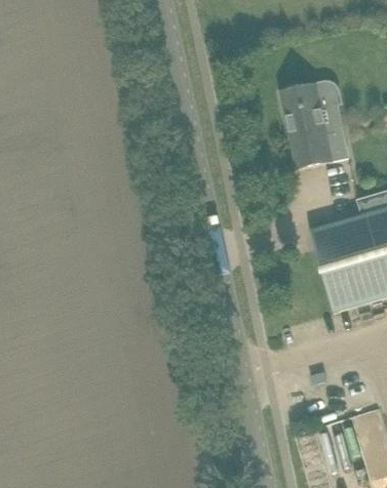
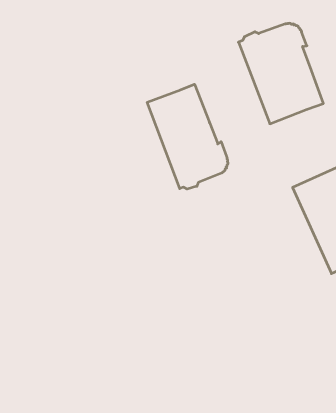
building: none -> [147,84,228,189]

